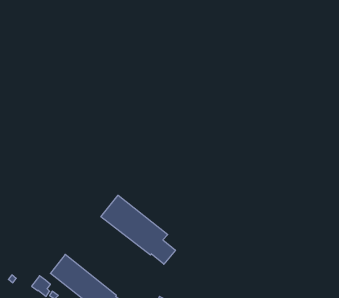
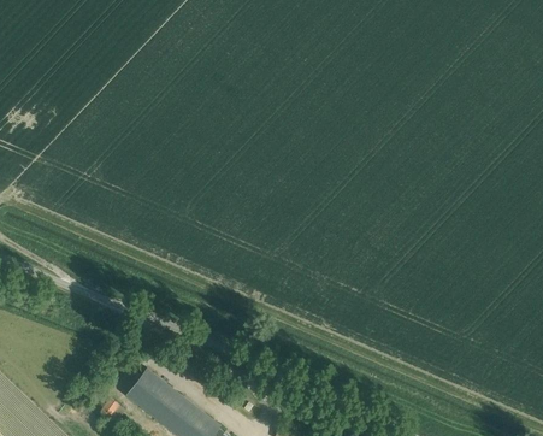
building: [101,195,175,264] -> none

